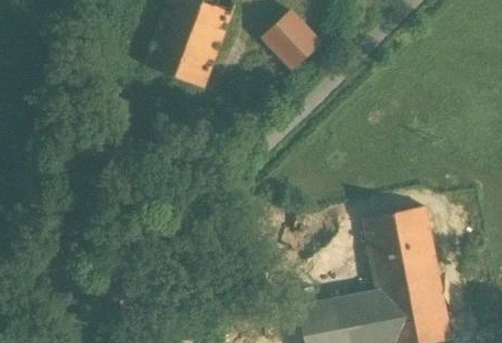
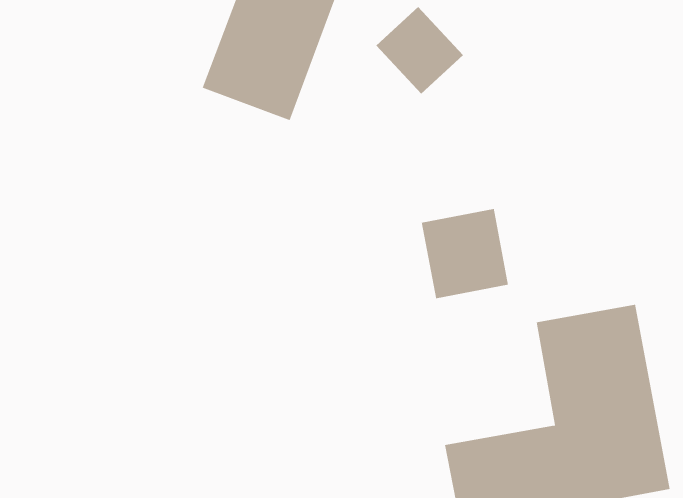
building: none -> [421,208,508,299]

